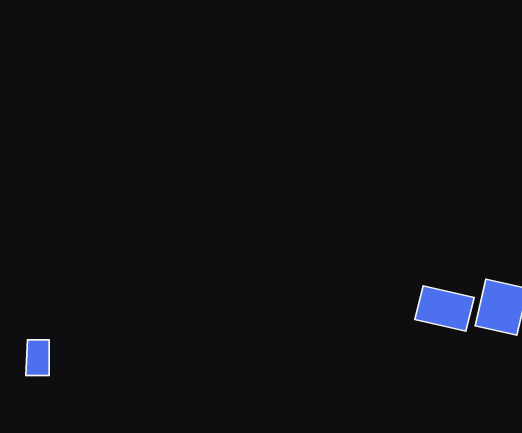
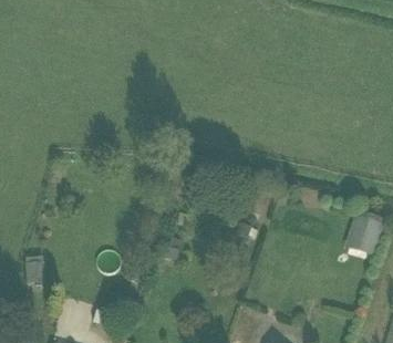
building: [415,286,474,331] -> none

